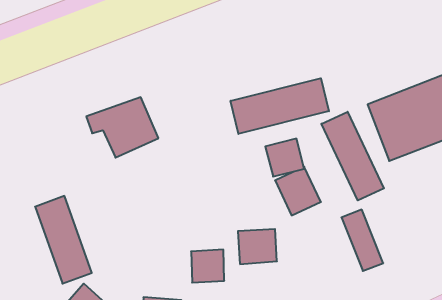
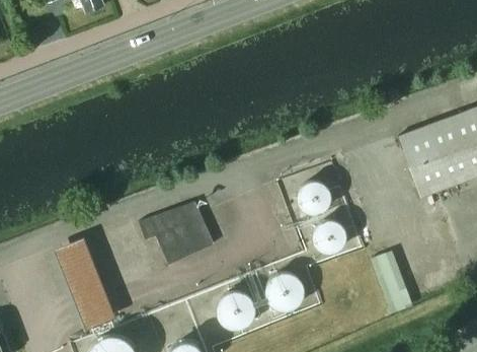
building: [231,78,329,134] -> none
building: [86,97,158,158] -> [139,202,214,265]
building: [321,112,384,200] -> none

